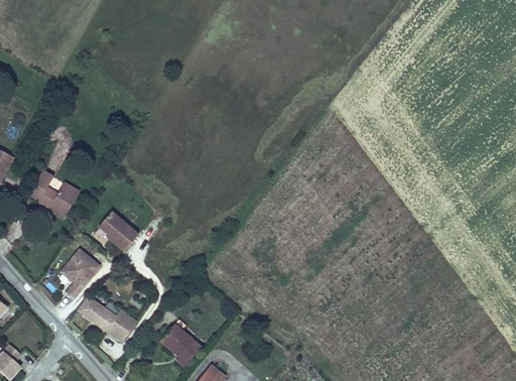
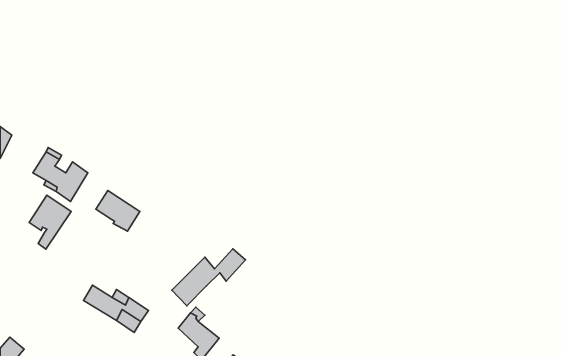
building: [55,251,94,300] -> [29,195,71,249]
building: none -> [172,249,245,306]

